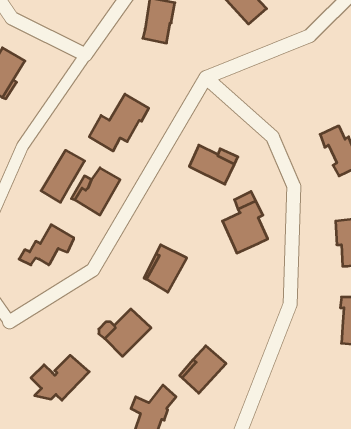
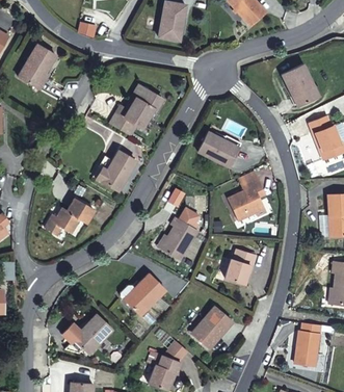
building: none -> [283,63,320,105]
building: [41,150,85,202] -> none
building: none -> [226,250,258,284]
building: none -> [295,321,327,366]

